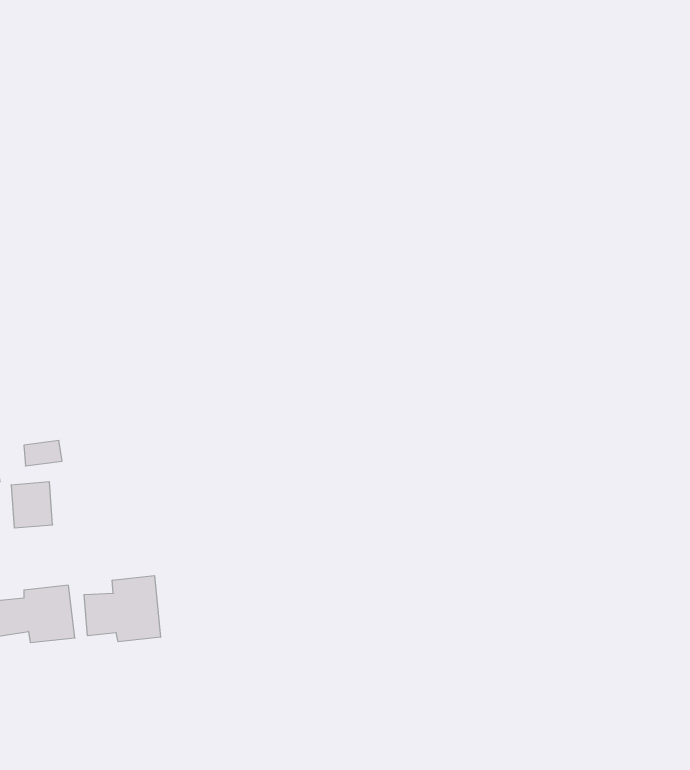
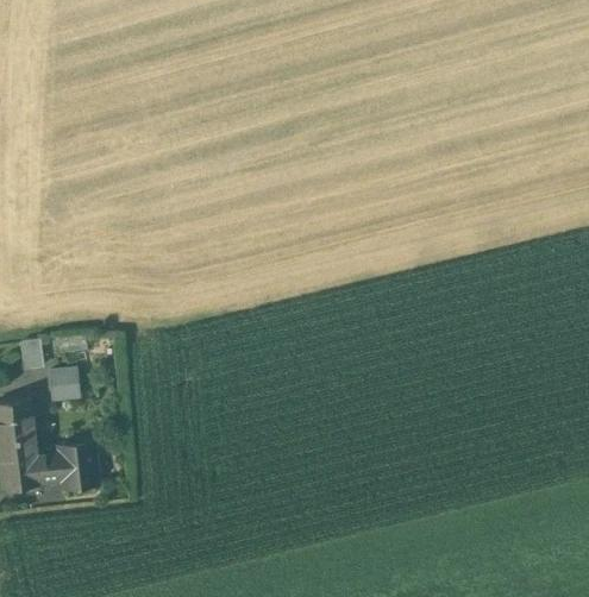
building: [84,576,160,642] -> none

